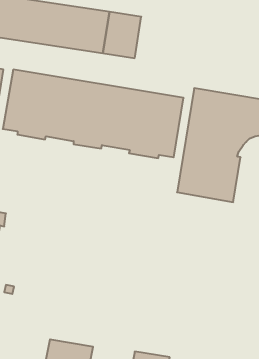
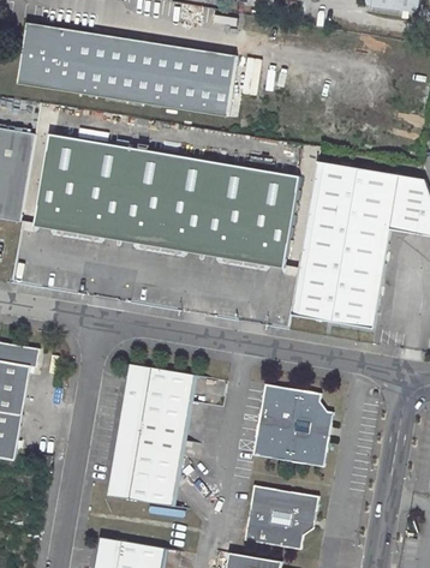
building: none -> [111,360,197,503]
building: none -> [252,382,333,466]
building: none -> [244,484,318,548]

